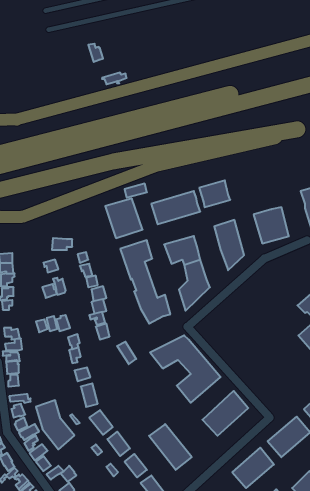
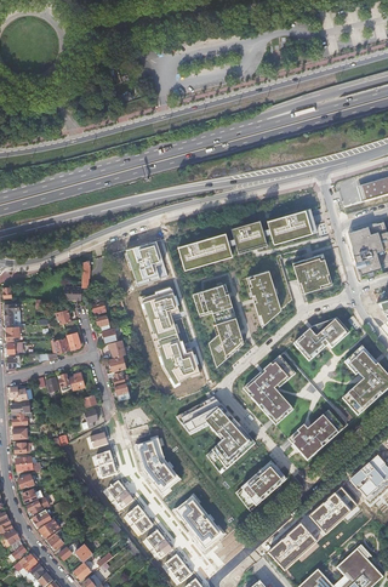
building: none -> [267,207,318,244]
building: none -> [293,317,352,360]
building: none -> [242,354,295,424]
building: none -> [289,409,344,460]
building: [36,400,74,449] -> [136,438,179,494]

